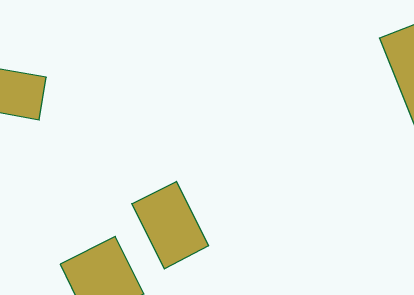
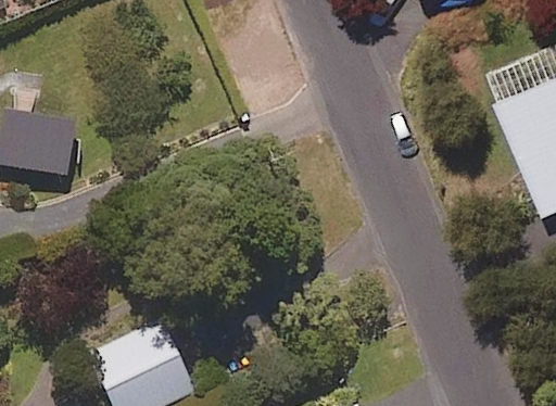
building: [132,181,208,269] -> none

